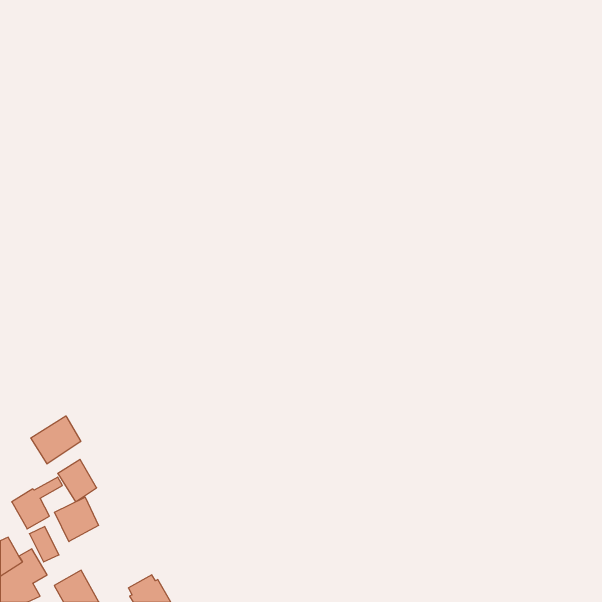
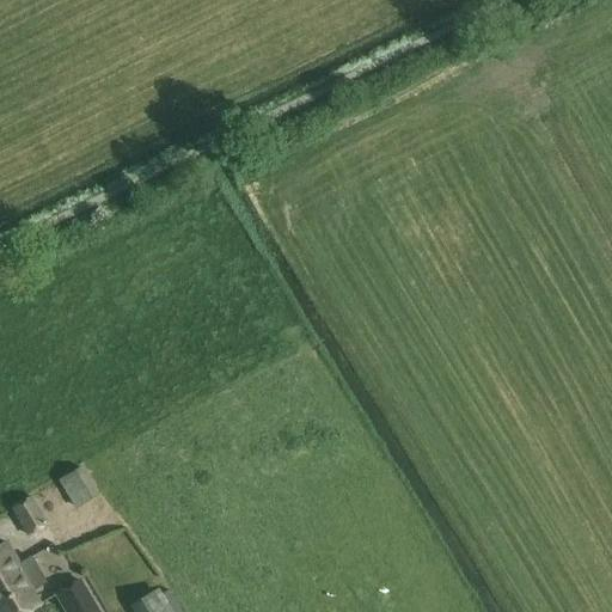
building: [31,416,81,464] -> none
building: [54,497,98,542] -> none

